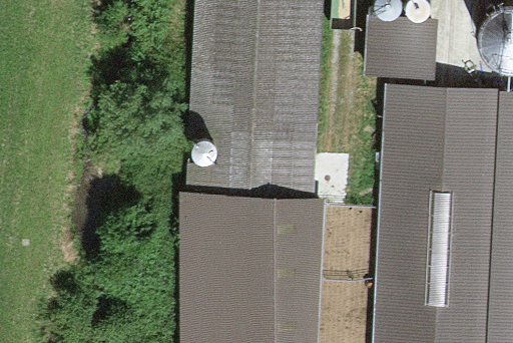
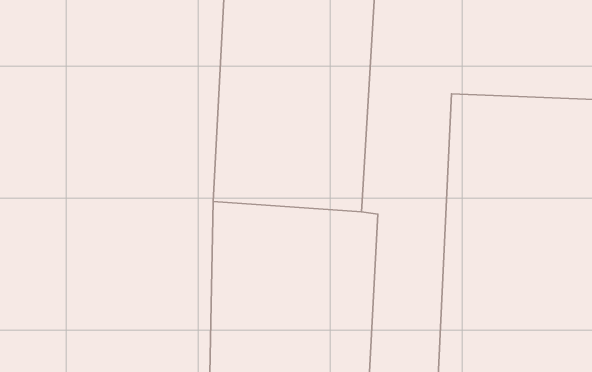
building: [366,18,438,76] -> none

